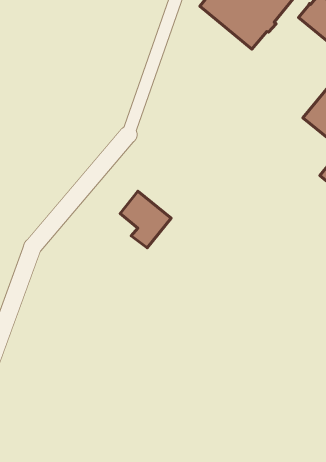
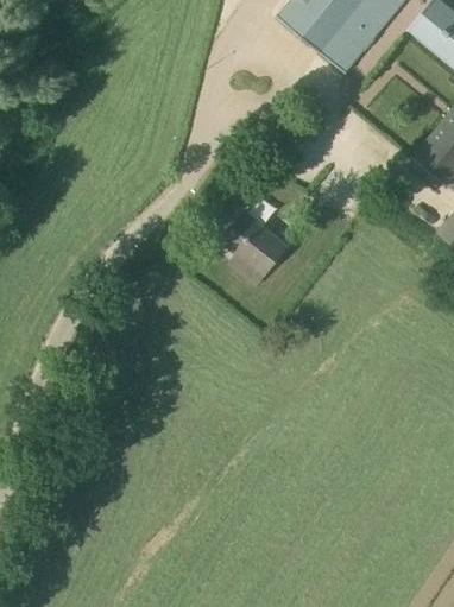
building: [120,191,171,248] -> [221,213,286,285]

